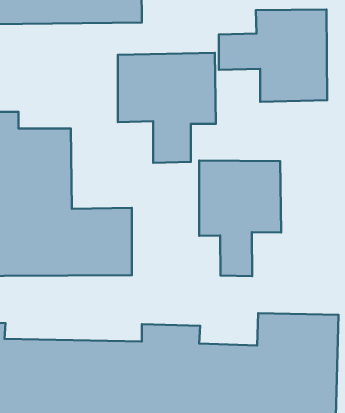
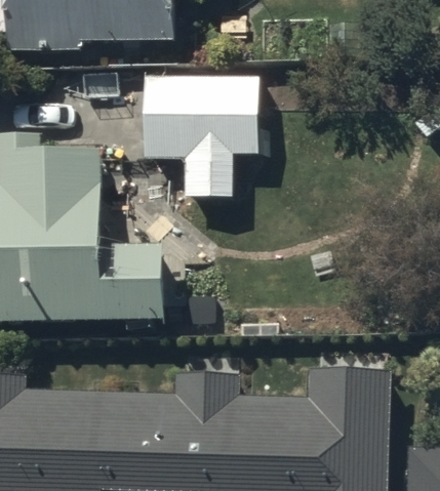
building: [219,9,327,102] -> none
building: [199,161,281,276] -> none

